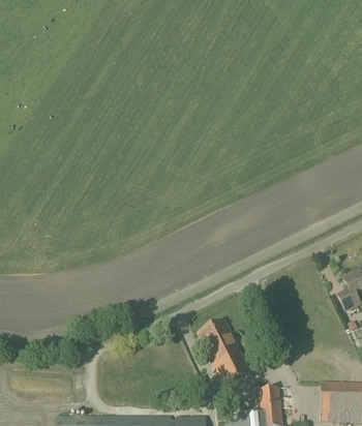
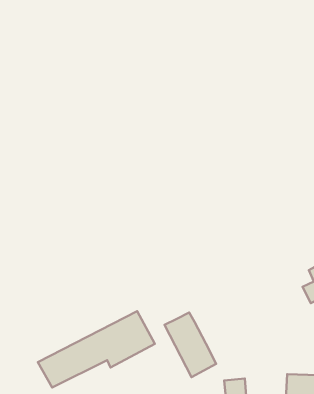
building: none -> [38,311,155,388]

